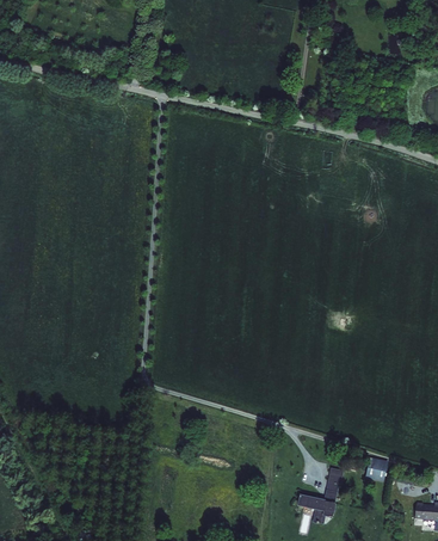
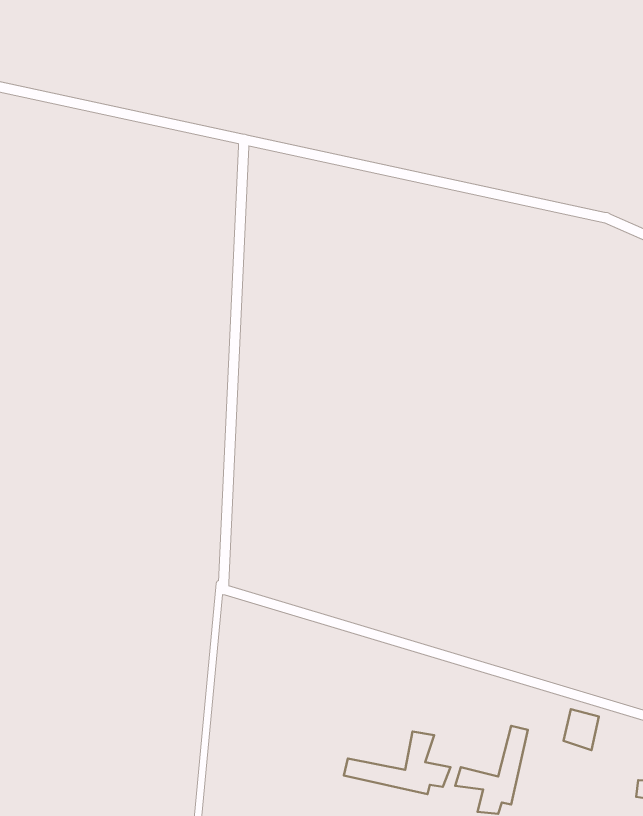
building: none -> [344,732,450,794]

